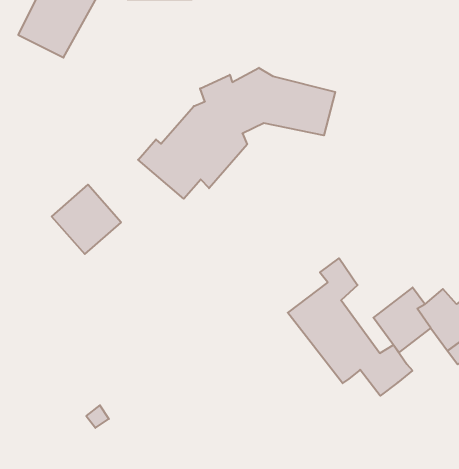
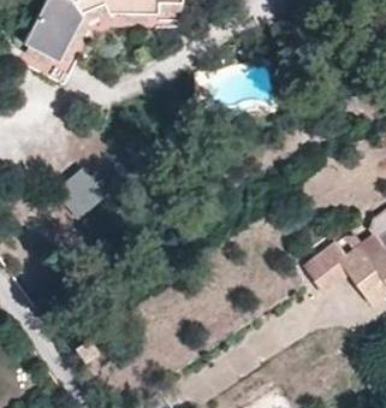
building: [138,68,335,199] -> none
building: [288,258,412,396] -> none

